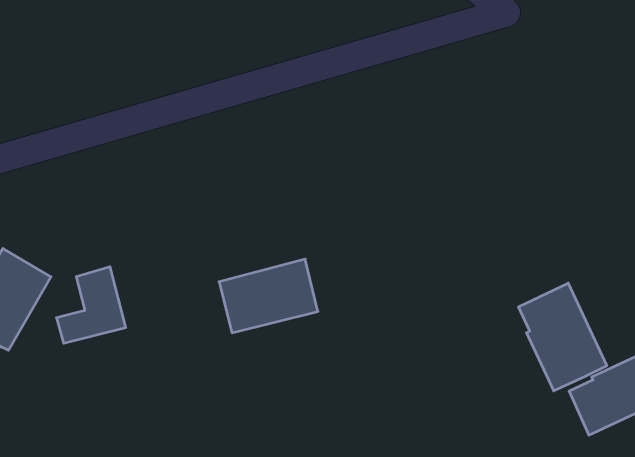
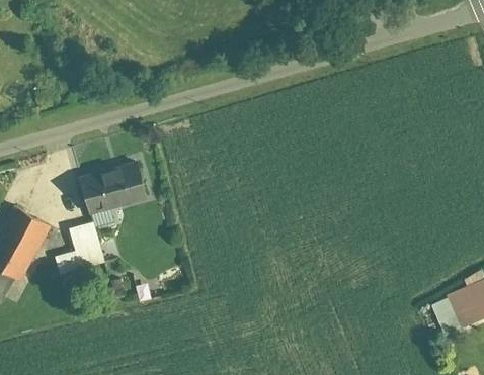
building: [219,259,318,333] -> [80,161,151,213]
building: [519,283,607,391] -> none

